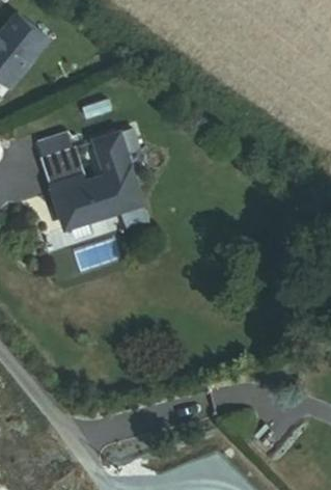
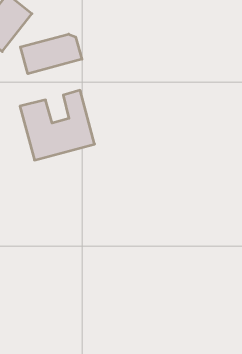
building: none -> [20,34,82,74]

